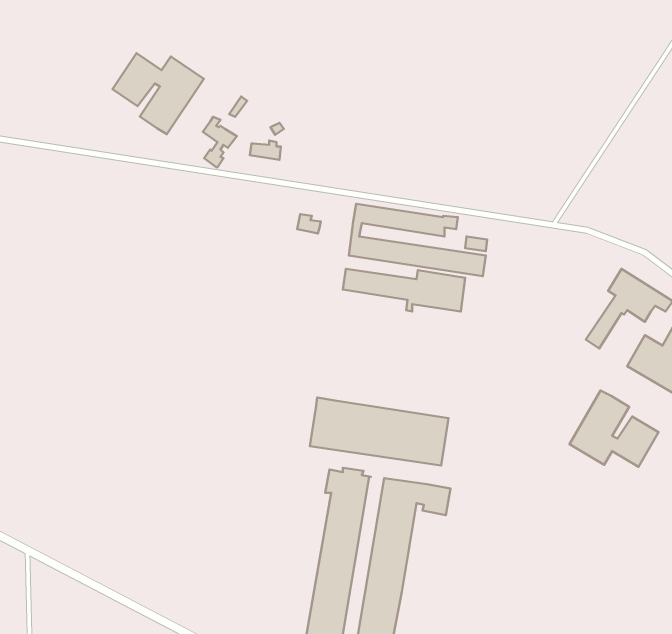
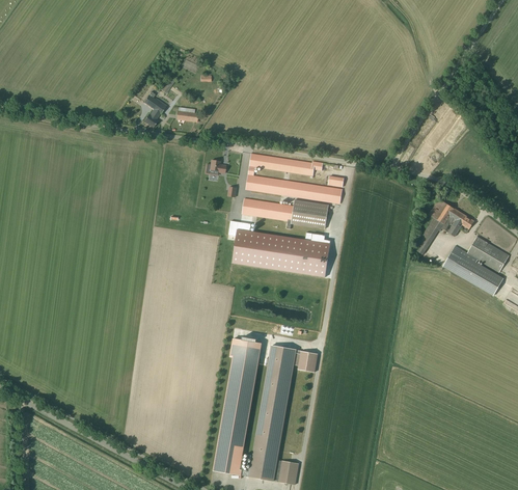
building: [113,53,204,134] -> none
building: [569,390,659,467] -> none
building: [310,398,448,465] -> [233,228,330,276]

